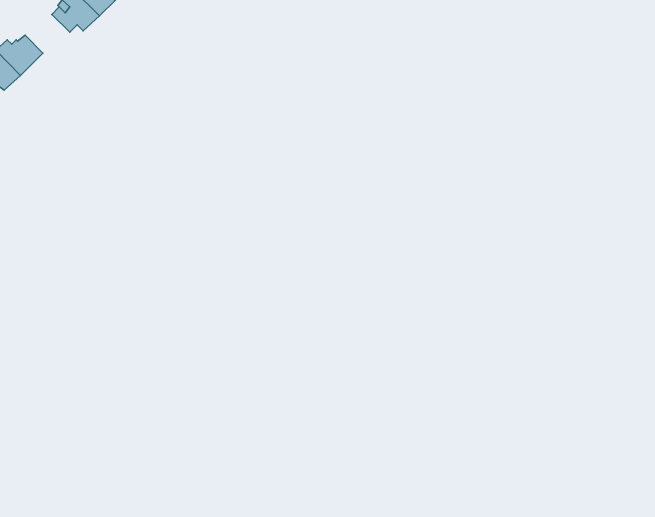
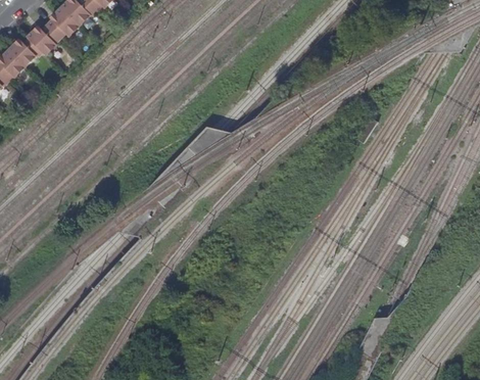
building: none -> [27,23,59,54]

